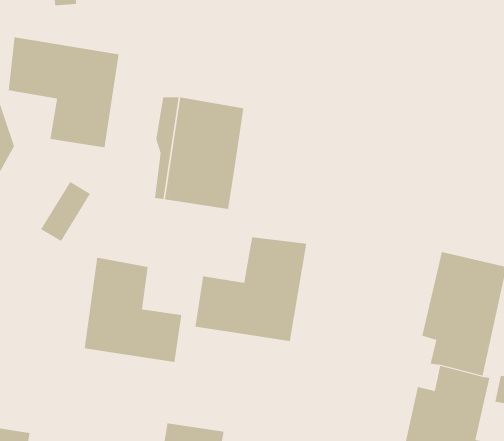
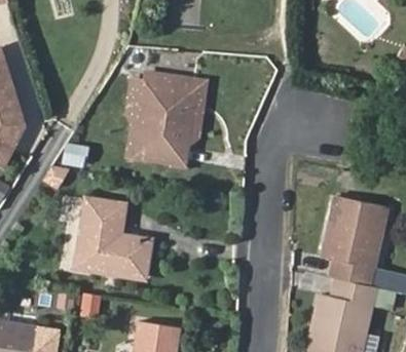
building: [8,36,119,148] -> none
building: none -> [148,75,208,133]
building: [195,237,307,342] -> none

